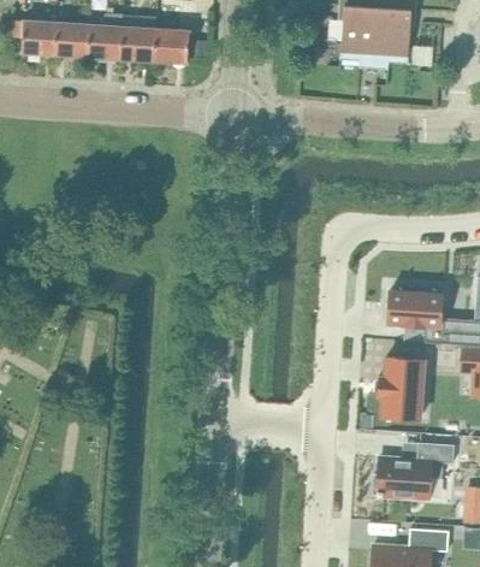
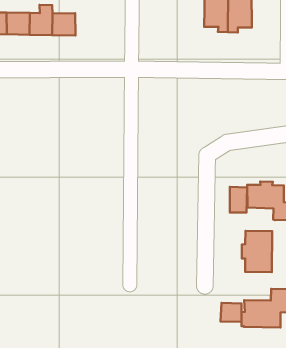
building: [154,29,190,63] -> none
building: none -> [230,187,247,213]
building: none -> [221,303,241,322]

